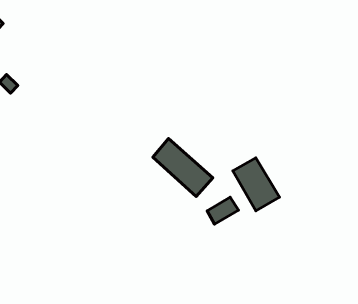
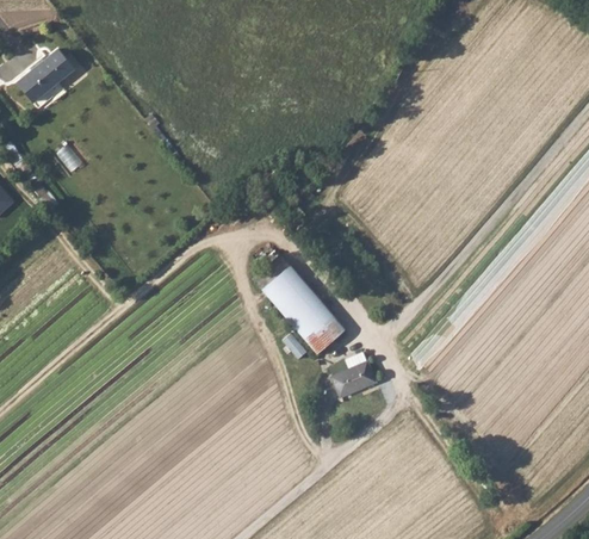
building: [233,158,279,211] -> none

